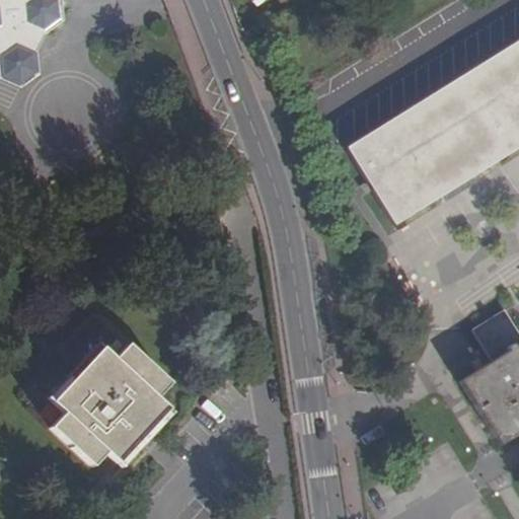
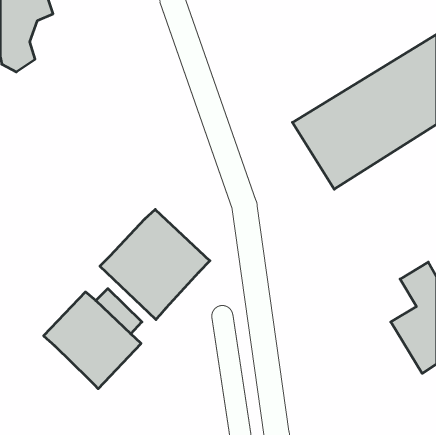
building: none -> [100,209,210,320]
building: [51,410,105,462] -> none

